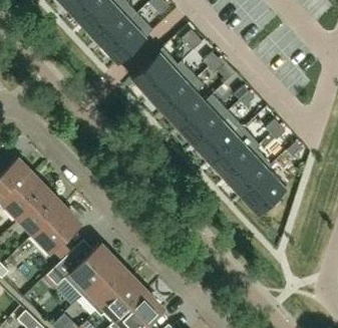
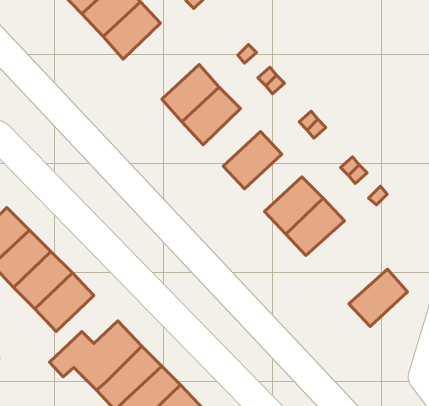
building: [103,20,147,63] -> none
building: [163,84,207,127] -> none
building: [195,118,238,161] -> none
building: [241,169,285,212] -> [349,269,408,327]

